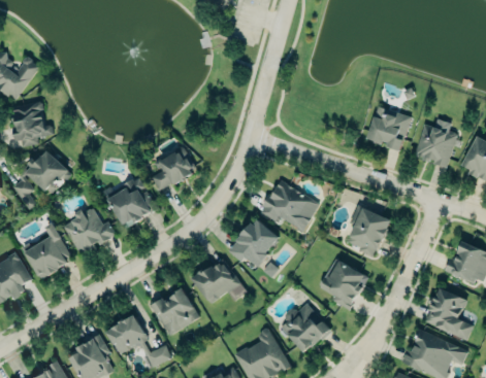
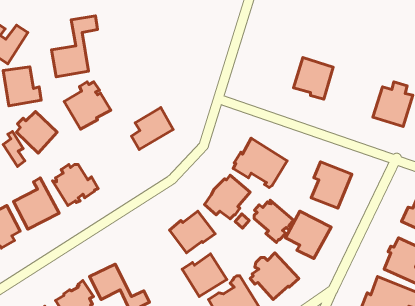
building: none -> [52,16,98,77]
building: [366,106,410,151] -> [293,58,333,99]
building: [107,178,158,230] -> [64,82,111,129]
building: none -> [254,200,294,242]
building: [152,288,200,335] -> [182,254,227,297]

